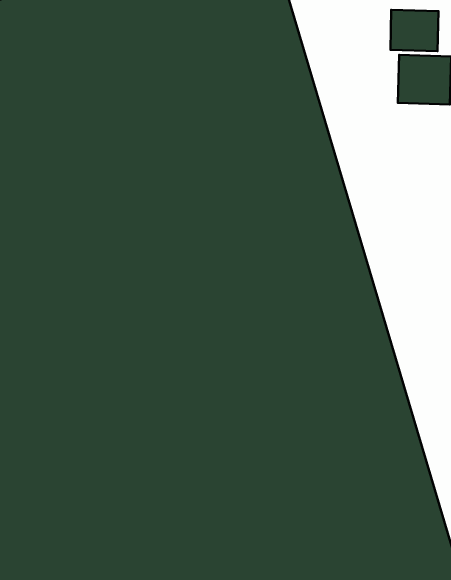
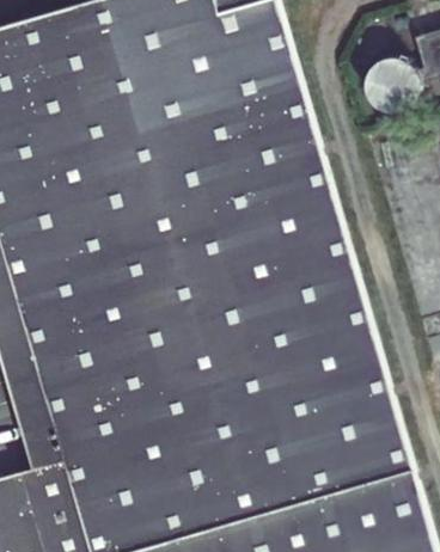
building: [390,10,439,51] -> none

